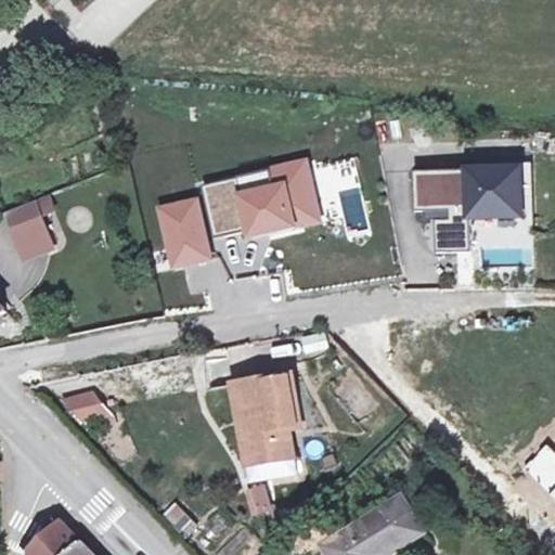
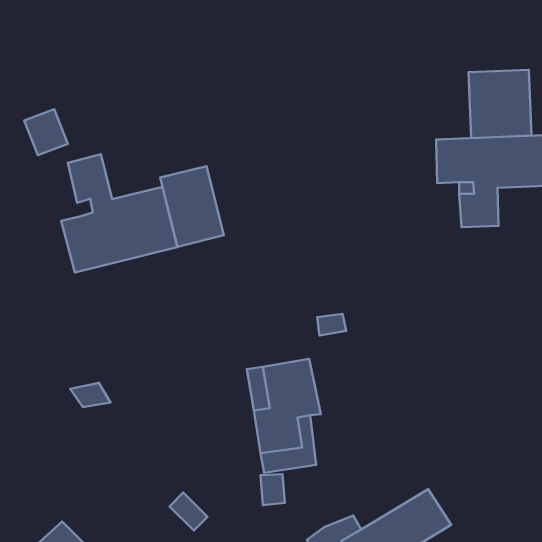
building: none -> [468,70,531,138]
building: [201,159,323,241] -> none
building: none -> [61,154,177,273]
building: [8,201,49,244] -> [24,109,68,155]

